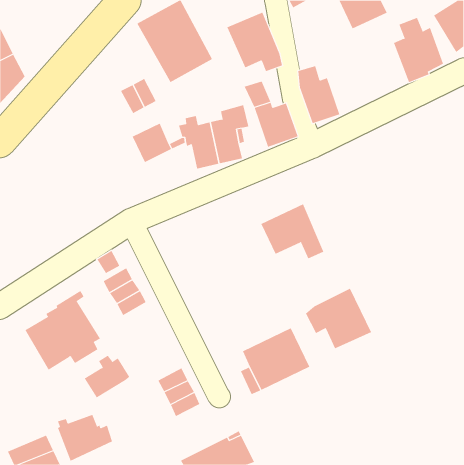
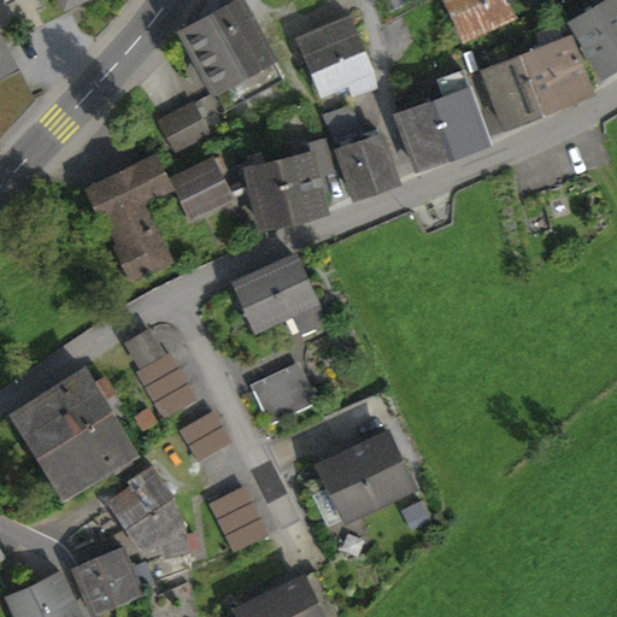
building: none -> [482,48,541,124]
building: none -> [434,72,487,152]
building: none -> [90,158,166,276]
building: [261,204,324,259] -> [239,257,323,330]
building: none -> [17,371,107,437]
building: none -> [252,371,311,425]
building: [305,288,372,349] -> none
building: none -> [180,412,229,462]
building: none -> [129,504,186,557]

